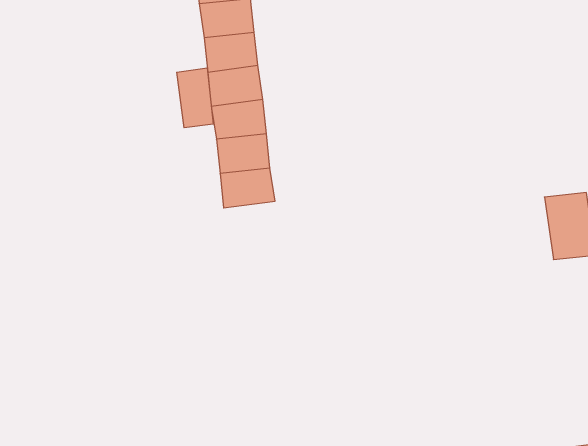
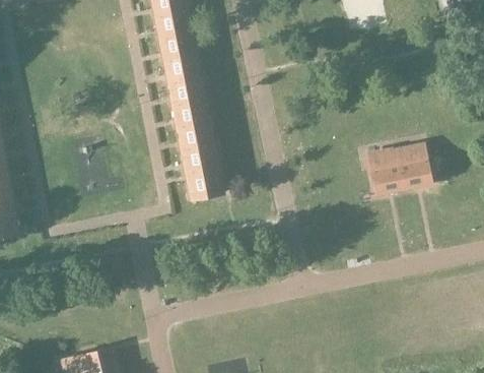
building: [177,68,213,128] -> none
building: none -> [368,148,405,195]
building: none -> [186,165,224,195]

